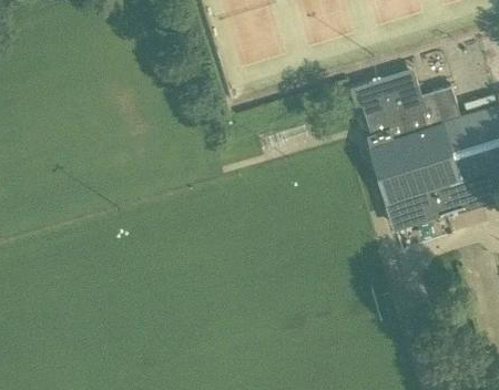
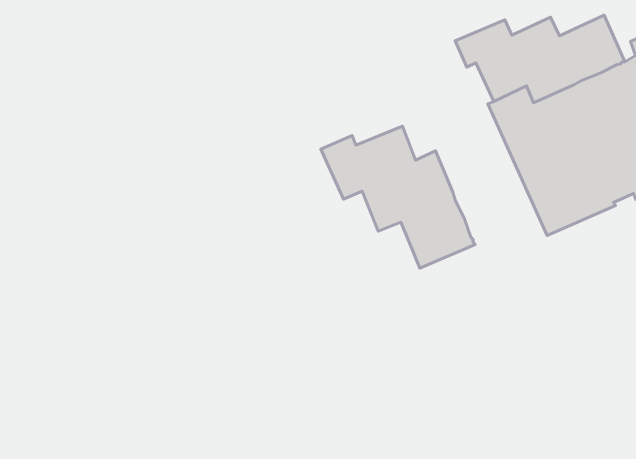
building: none -> [321,126,475,268]

